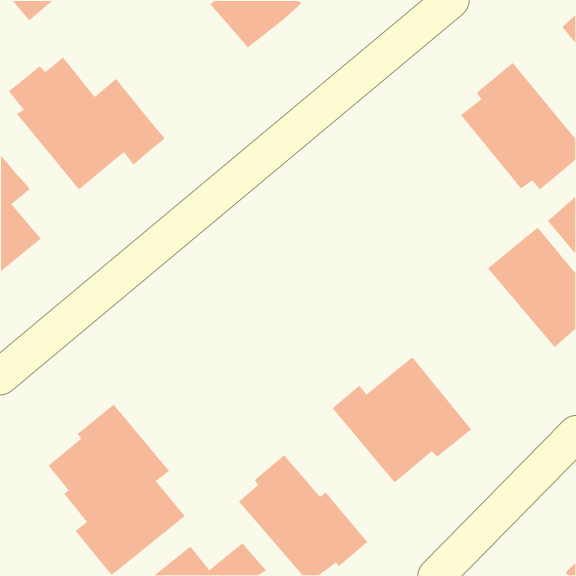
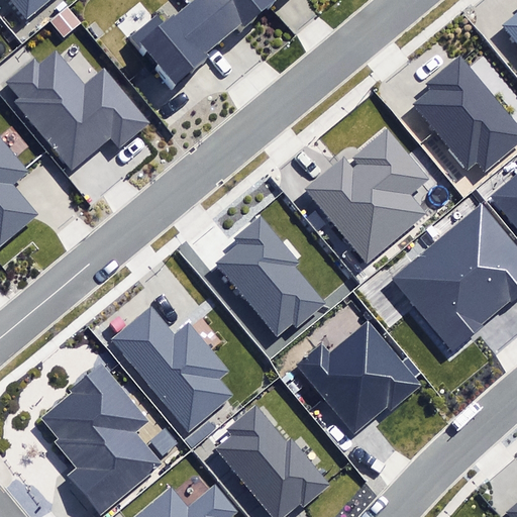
building: none -> [141,4,222,83]
building: none -> [306,130,427,261]
building: none -> [216,216,327,337]
building: none -> [391,240,497,350]
building: none -> [113,308,233,431]

